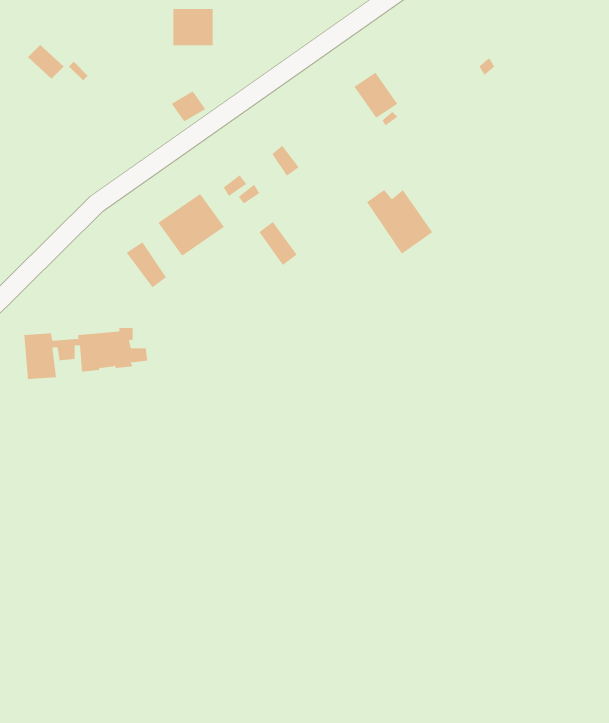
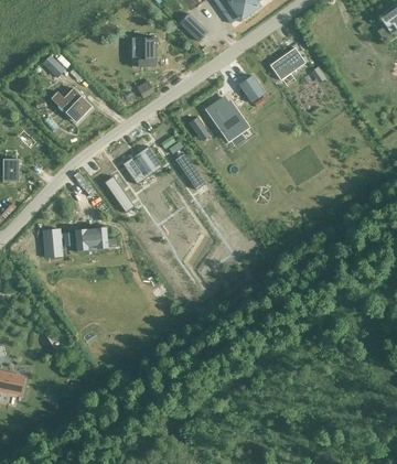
building: none -> [270,46,305,78]
building: none -> [53,86,89,119]
building: [366,189,433,254] -> [207,100,247,139]

